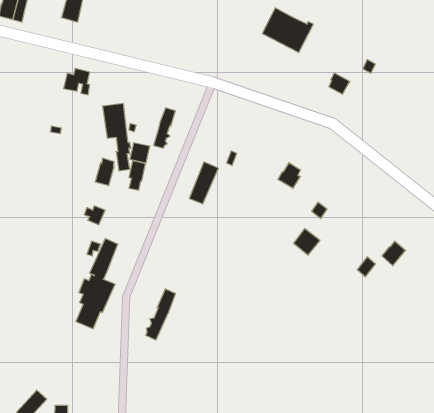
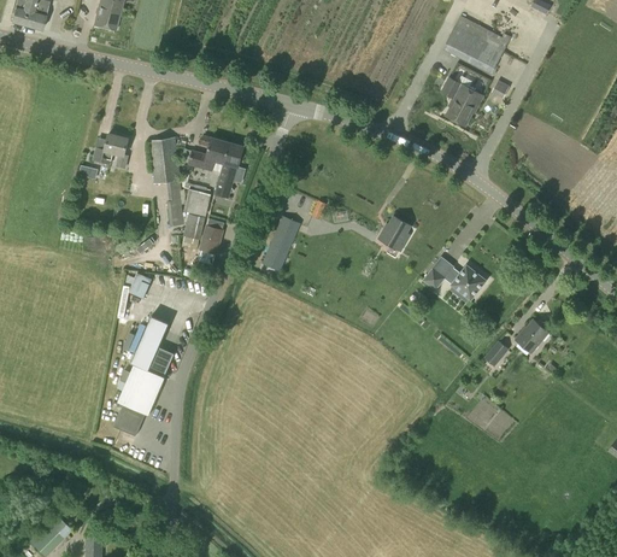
building: [262,8,313,53] -> [442,16,510,75]
building: none -> [439,77,482,113]
building: [63,68,90,95] -> [92,134,127,169]
building: none -> [180,135,230,172]
building: [95,158,114,186] -> [198,218,223,254]
building: [294,229,320,255] -> [451,264,486,299]
building: [146,289,176,340] -> none

